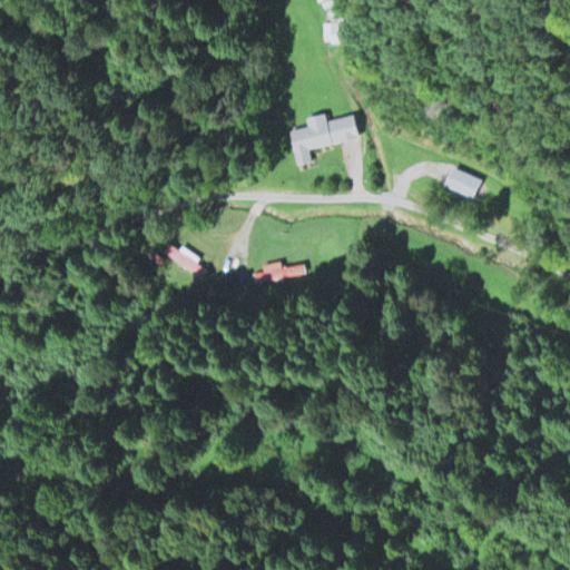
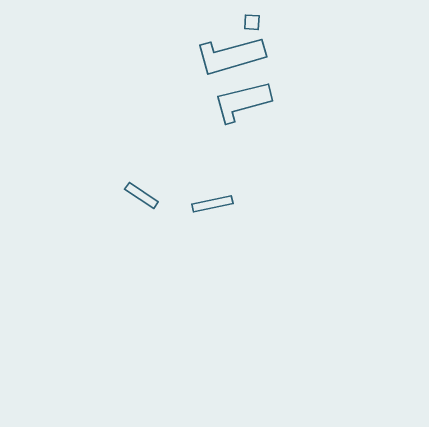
building: none -> [200,39,267,74]
building: [443,167,480,198] -> none

